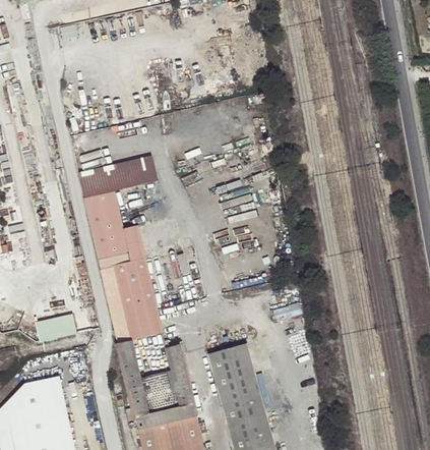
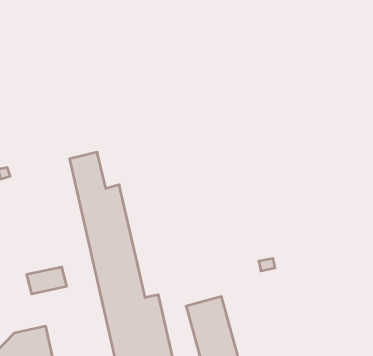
building: [78,156,158,198] -> none

